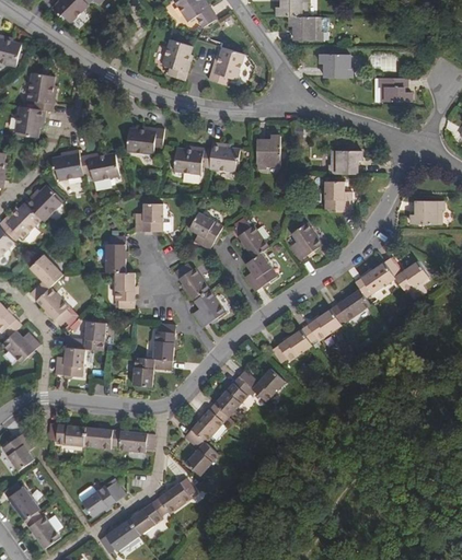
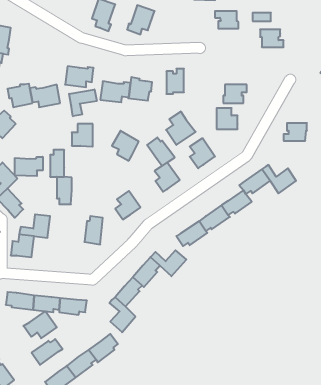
building: none -> [69,89,97,116]
building: none -> [166,111,196,145]
building: none -> [15,157,43,176]
building: [174,262,209,301] -> none
building: [130,355,172,385] -> none
building: none -> [23,311,57,338]

